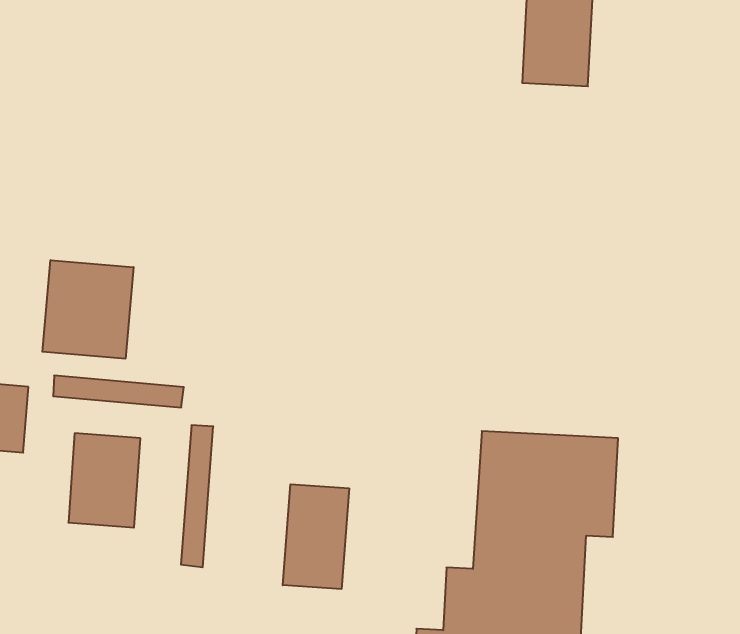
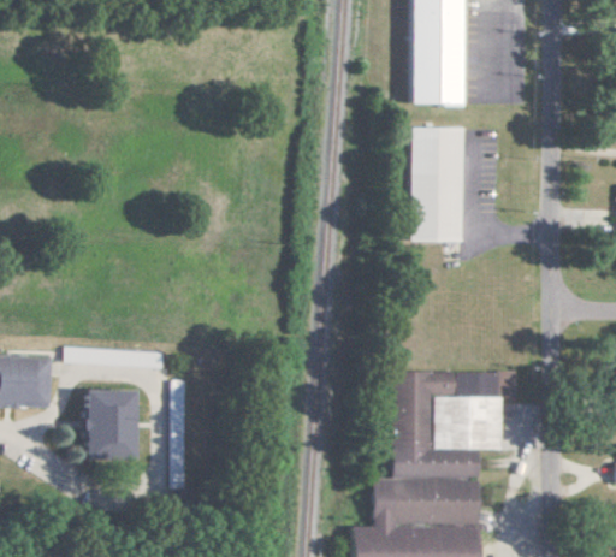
building: none -> [411,128,463,241]
building: [42,260,134,359] -> none
building: [283,484,349,589] -> none

